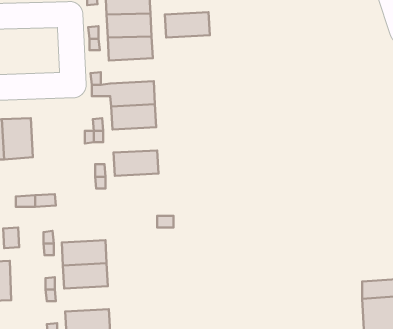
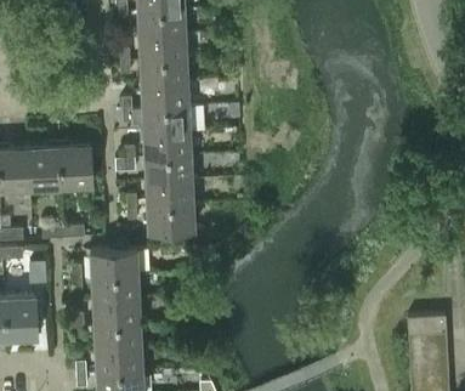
building: [165,12,210,38] -> [141,83,188,109]
building: none -> [58,144,92,187]
building: none -> [144,155,192,182]
building: none -> [147,204,194,232]
building: none -> [90,249,137,277]
building: none -> [93,323,141,350]

